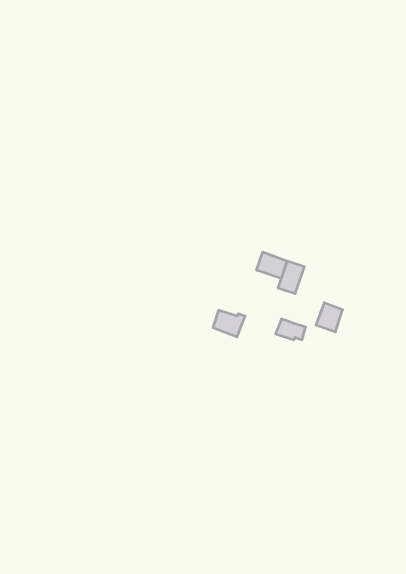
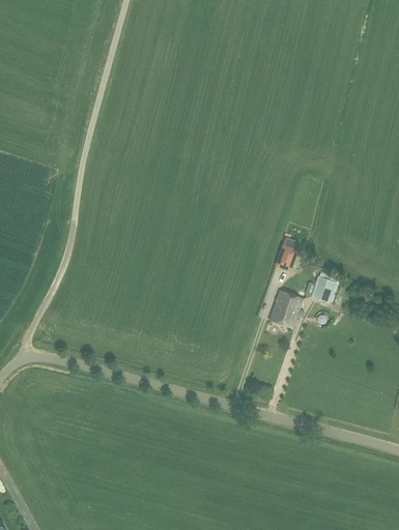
building: [257,252,287,278] -> none
building: [213,310,245,337] -> [269,304,298,328]

